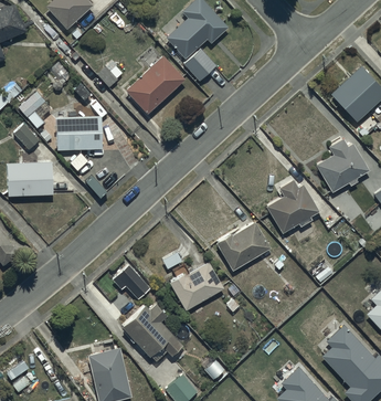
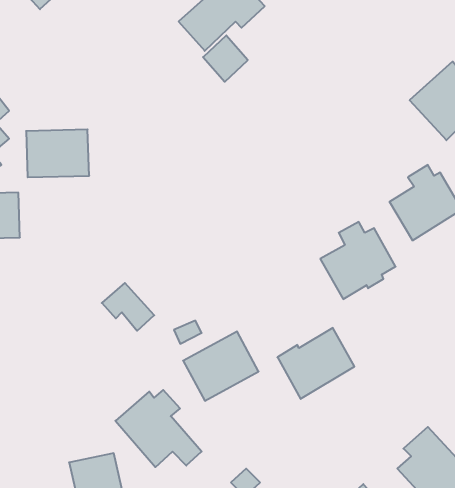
building: [126,55,183,112] -> none
building: [215,220,271,271] -> [277,328,354,399]
building: [113,266,150,300] -> [102,283,154,331]

